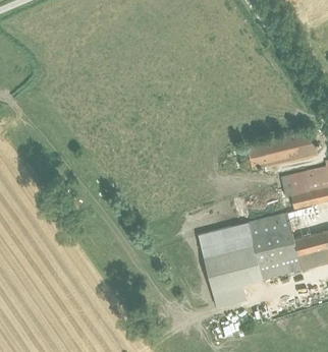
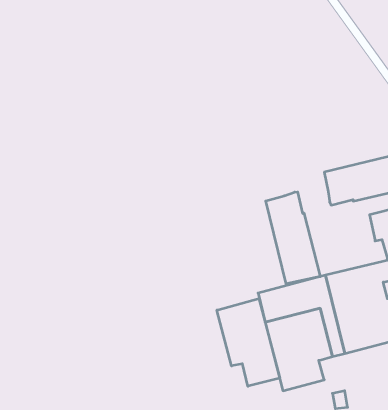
building: none -> [266,192,320,284]
building: none -> [217,299,280,386]

